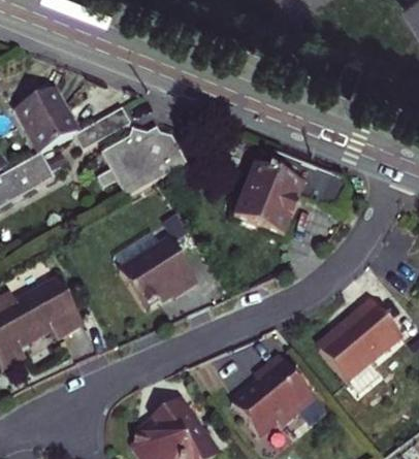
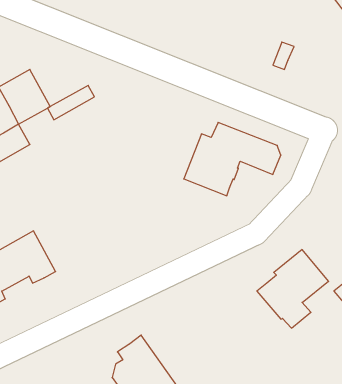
building: [96,125,186,195] -> none
building: [118,236,195,305] -> none
building: [234,353,316,442] -> none

